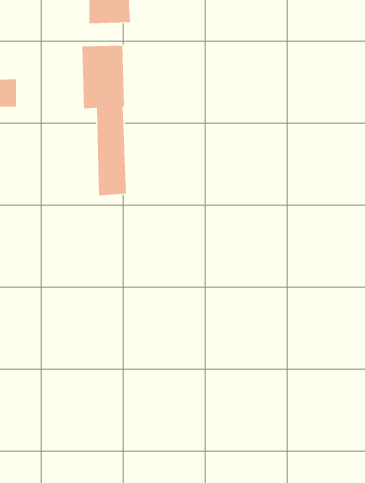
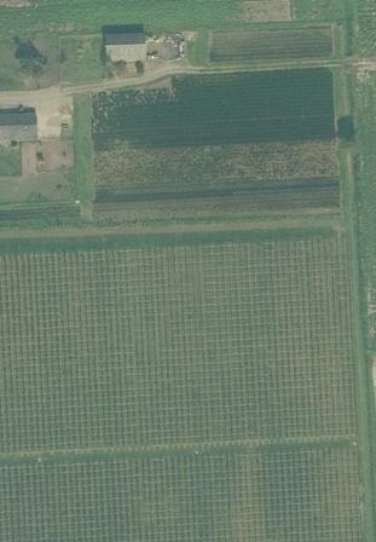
building: [82,45,127,196] -> none

